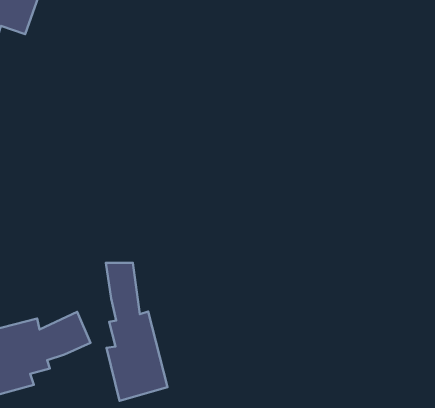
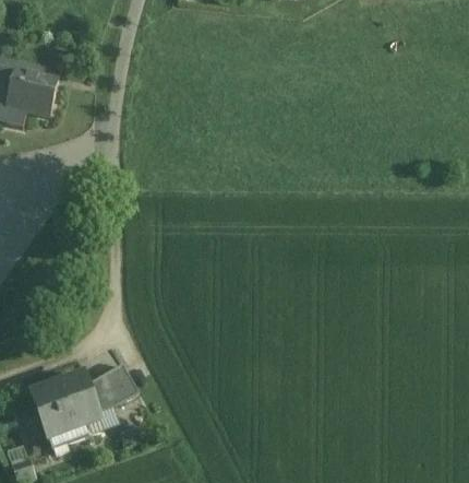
building: [106,263,167,401] -> none

